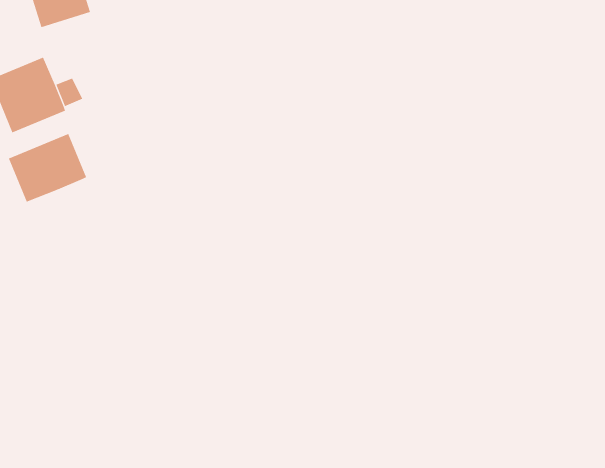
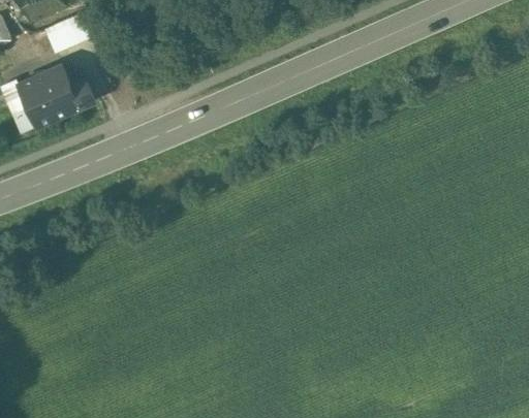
building: [8,133,87,203] -> none

